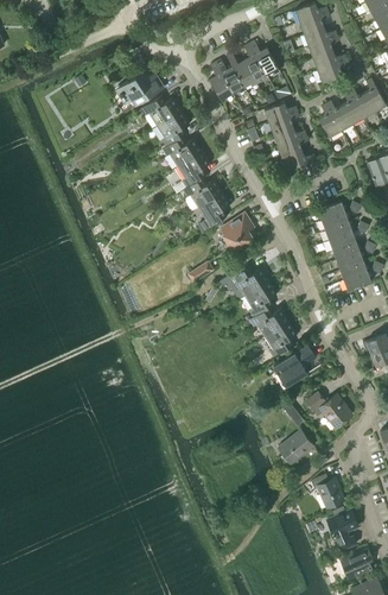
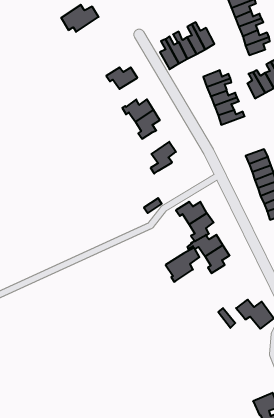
building: [115,74,163,108] -> [61,5,99,32]
building: [158,112,189,148] -> none
building: [182,181,221,208] -> none
building: [220,214,252,252] -> none
building: [273,347,316,390] -> [166,248,199,282]
building: [279,431,313,464] -> none
building: [311,474,345,509] -> none

